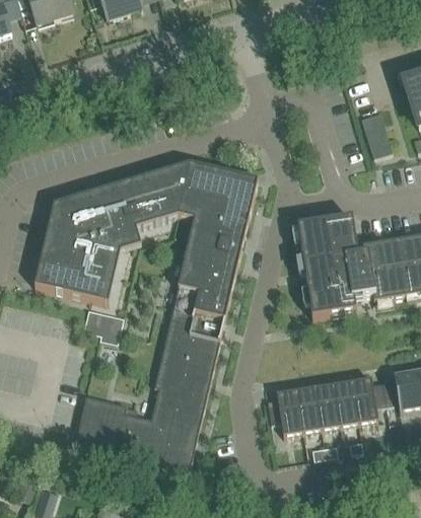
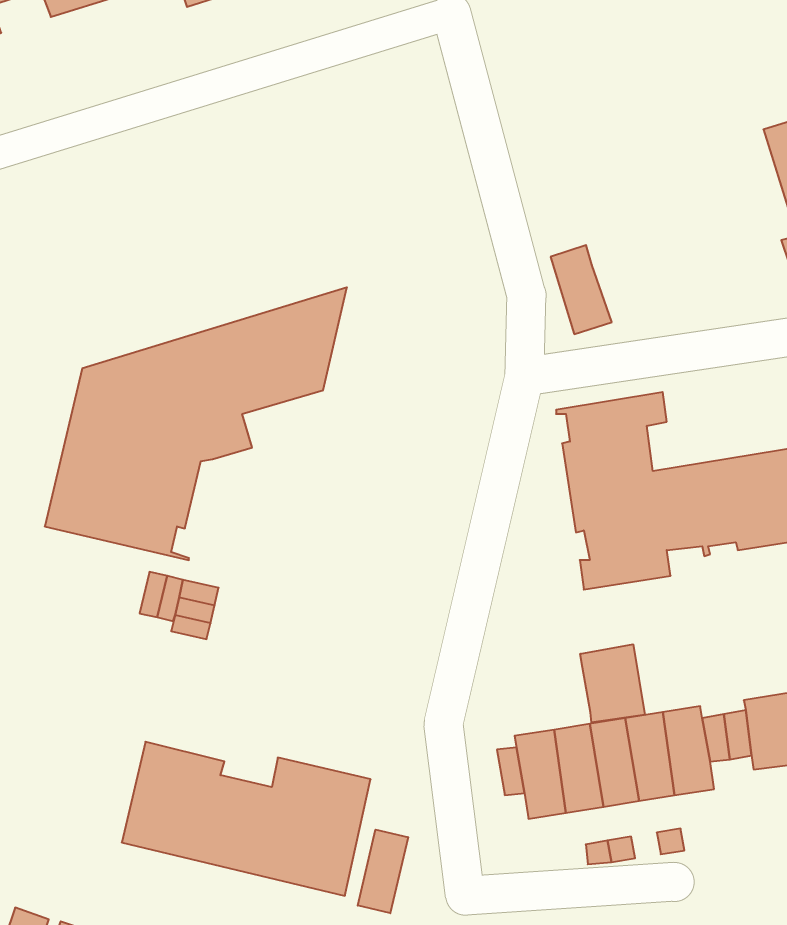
building: [361,109,393,155] -> [551,245,612,334]
building: [154,161,258,414] -> none
building: none -> [580,644,645,723]
building: none -> [358,830,408,913]

